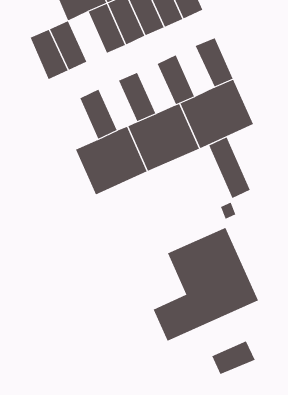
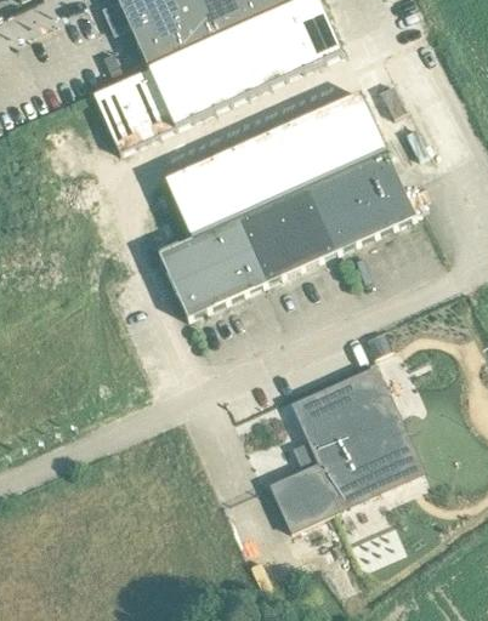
building: none -> [148,53,203,126]
building: none -> [303,103,358,176]
building: none -> [248,129,302,200]
building: none -> [192,153,246,224]
building: [208,137,251,199] -> none
building: [212,340,256,375] -> none

